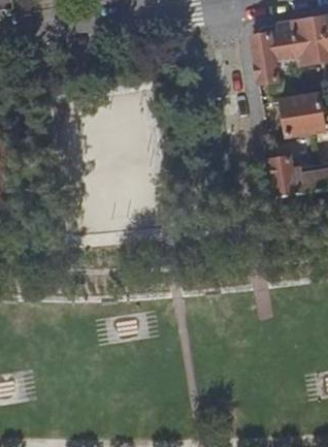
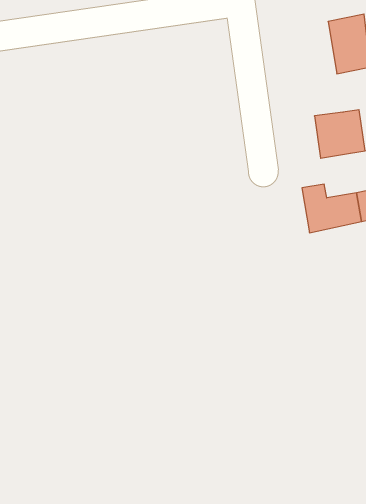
building: [253,20,300,81] -> none

